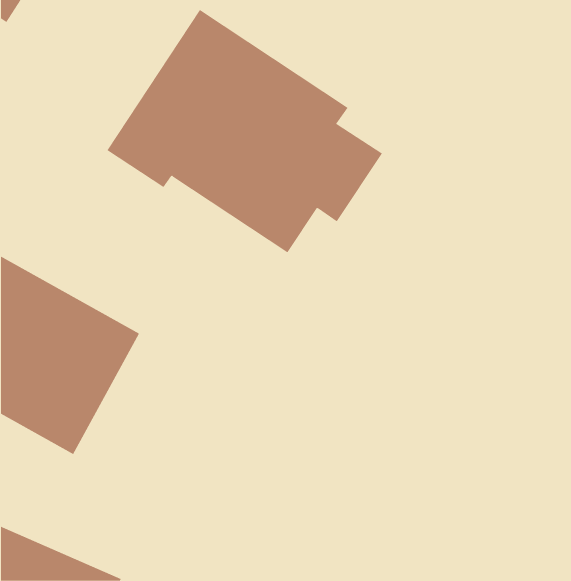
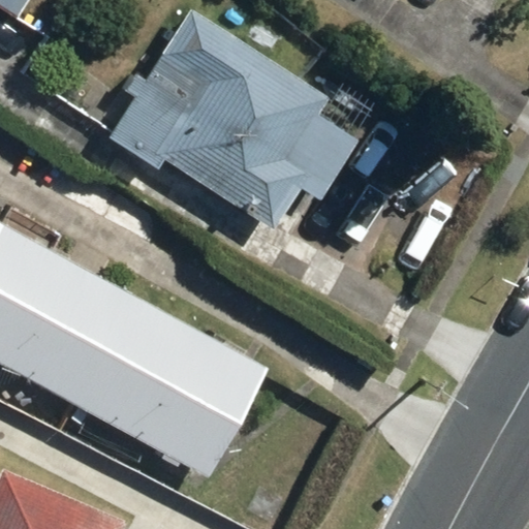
building: none -> [80,301,260,476]

